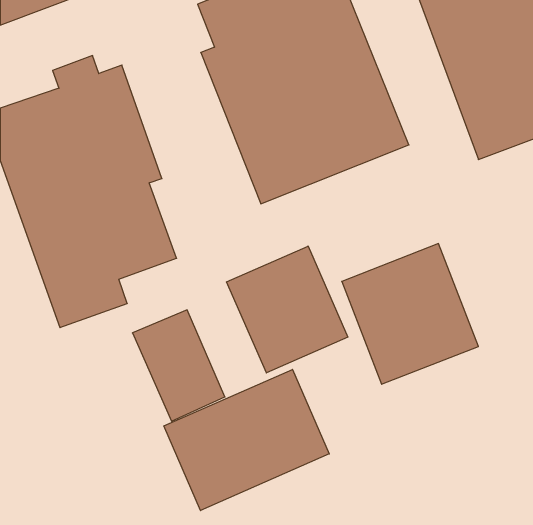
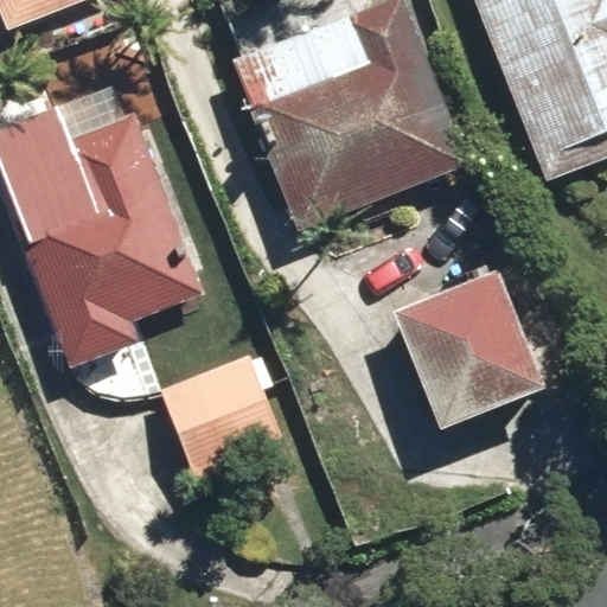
building: [227,246,348,373] -> none
building: [164,369,329,511] -> none

